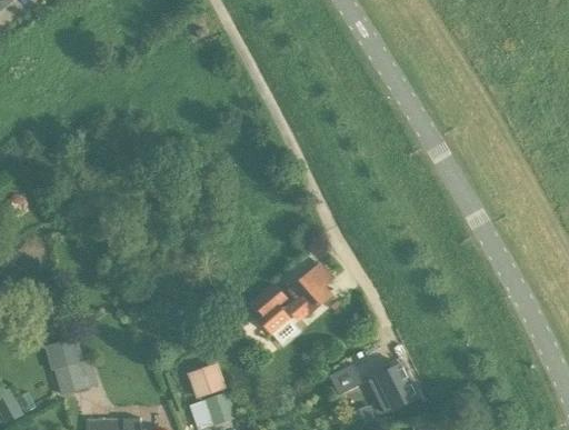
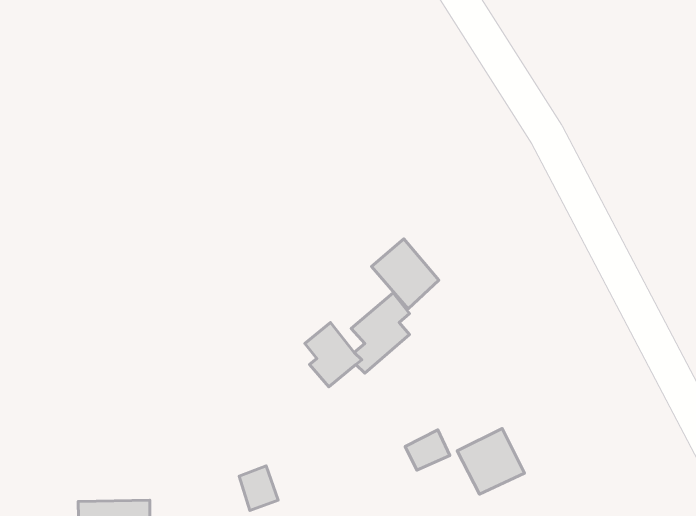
building: none -> [372,239,439,309]
building: [46,338,96,393] -> none
building: [187,363,224,398] -> none

